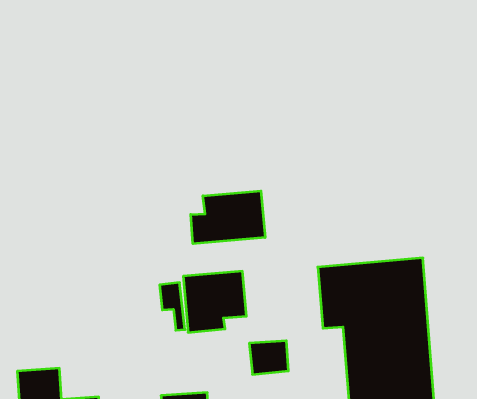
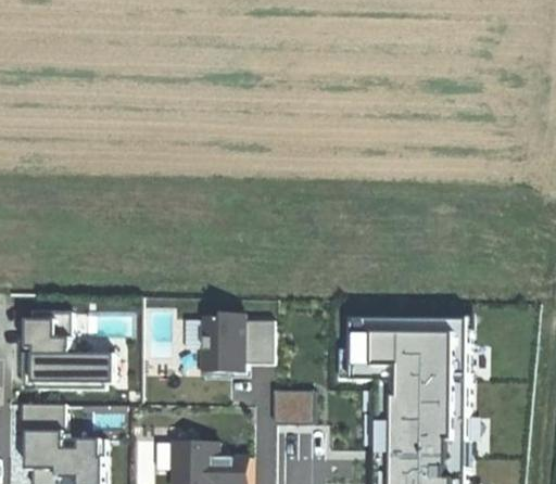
building: [191,191,265,244] -> none
building: none -> [28,311,121,391]

